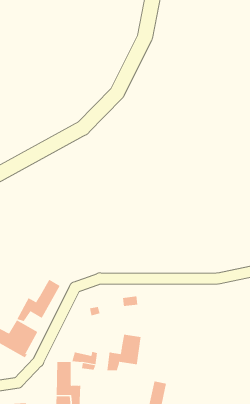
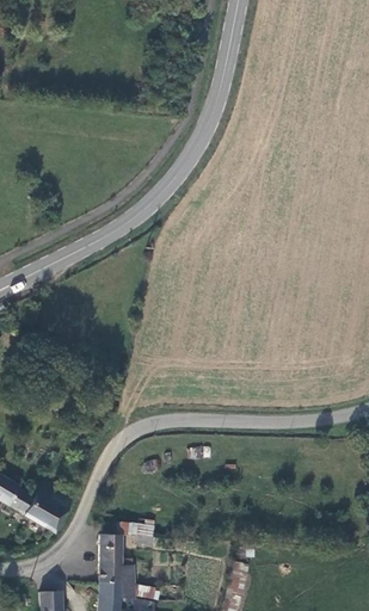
building: [16,279,61,322] -> none
building: [107,334,141,371] -> none

